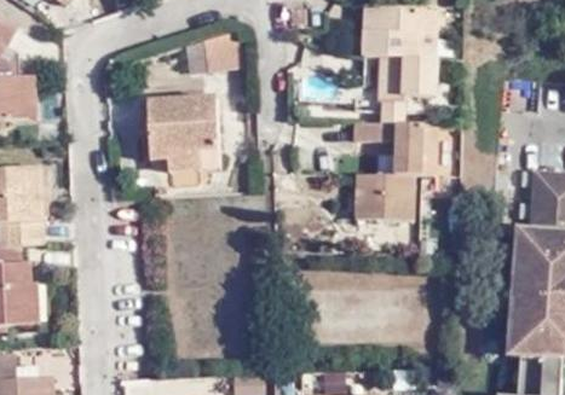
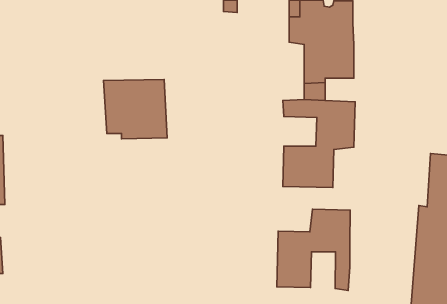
building: [204,33,241,71] -> none
building: none -> [277,209,350,290]

